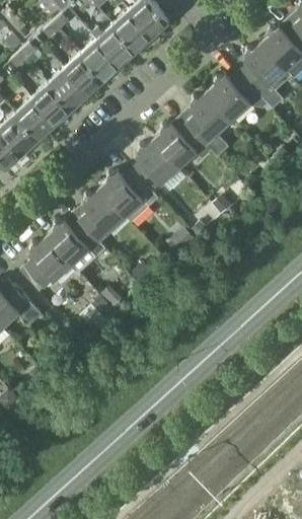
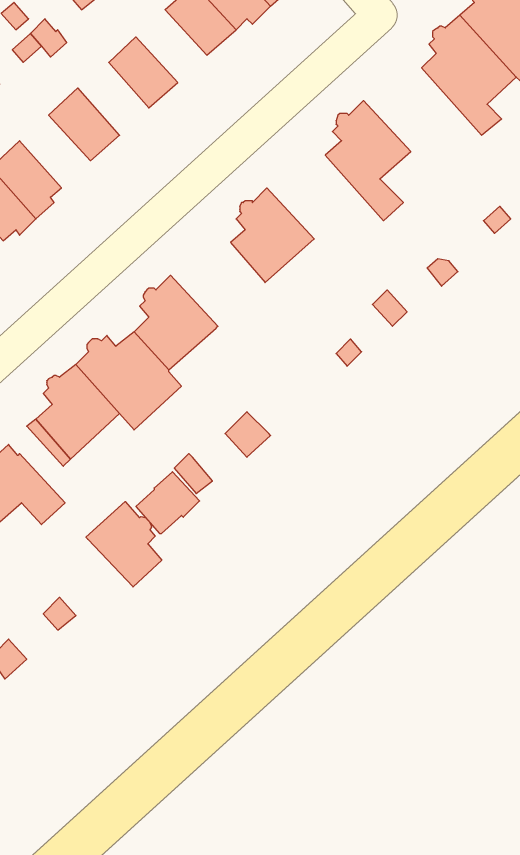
building: [80,39,120,79] -> none
building: [48,68,87,108] -> none
building: [207,71,273,118] -> none
building: [15,97,55,138] -> none
building: [153,120,218,166] -> none
building: [99,168,158,223] -> none
building: none -> [86,502,162,587]

